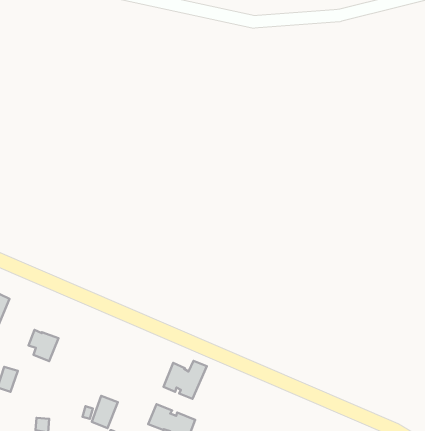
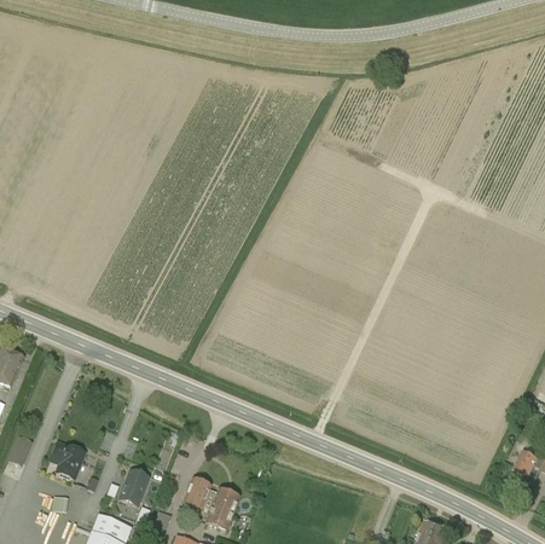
building: [28,330,59,361] -> [50,442,85,479]
building: [163,361,207,399] -> none

